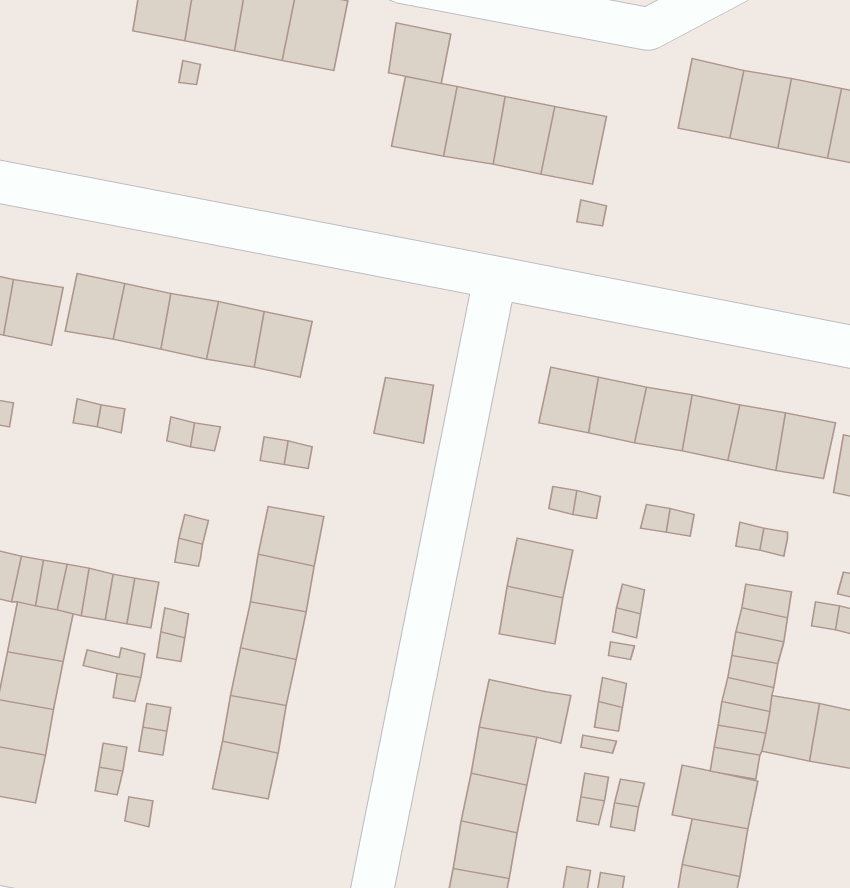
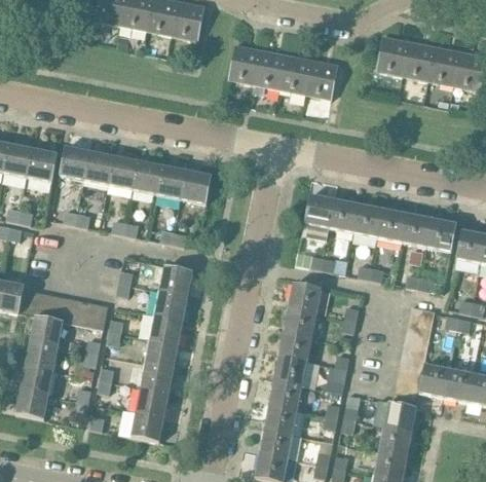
building: [389,23,451,83] -> none
building: [374,377,433,443] -> [180,171,211,205]
building: none -> [277,332,311,362]
building: none -> [129,412,163,442]

